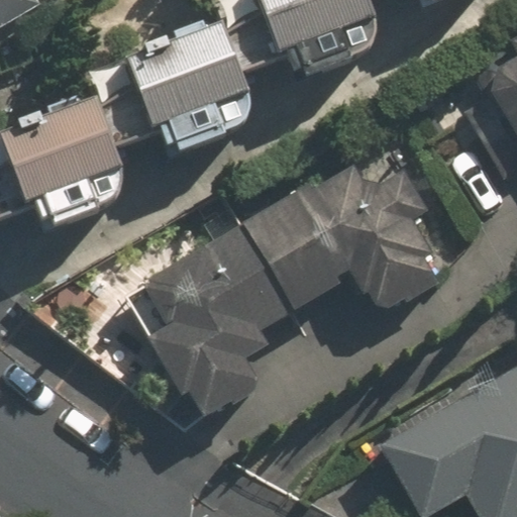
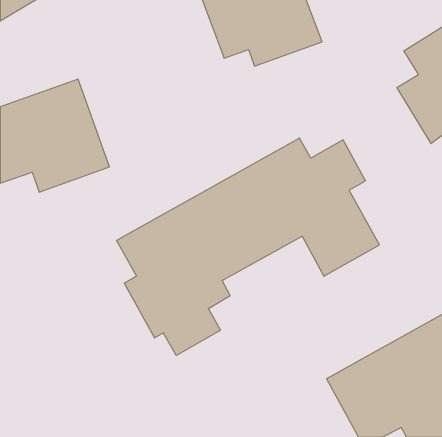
building: [103,18,266,151] -> none

